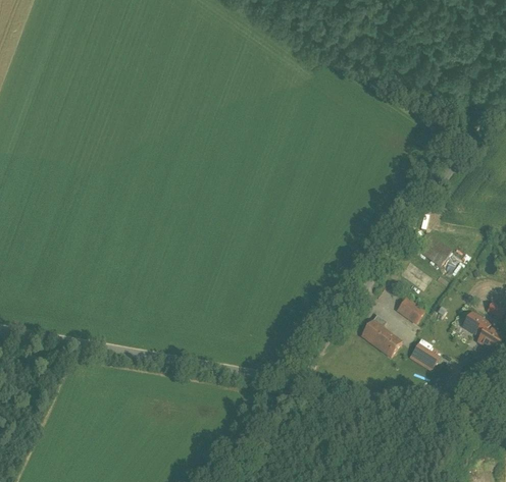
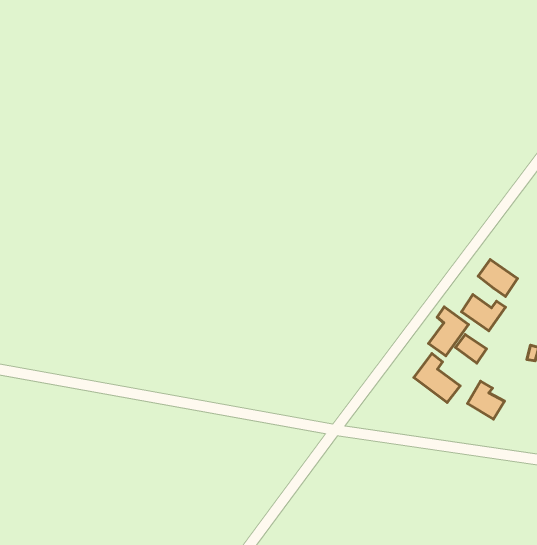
building: none -> [462,295,505,331]
building: none -> [428,307,469,356]

